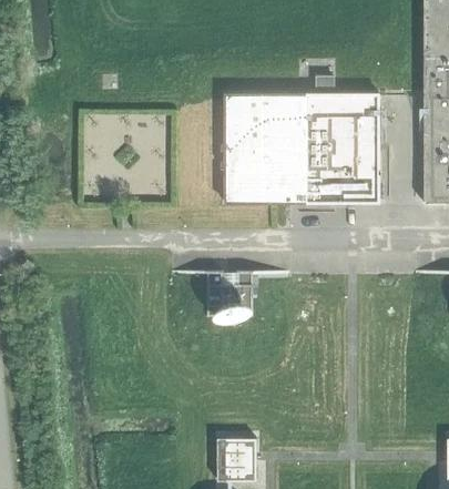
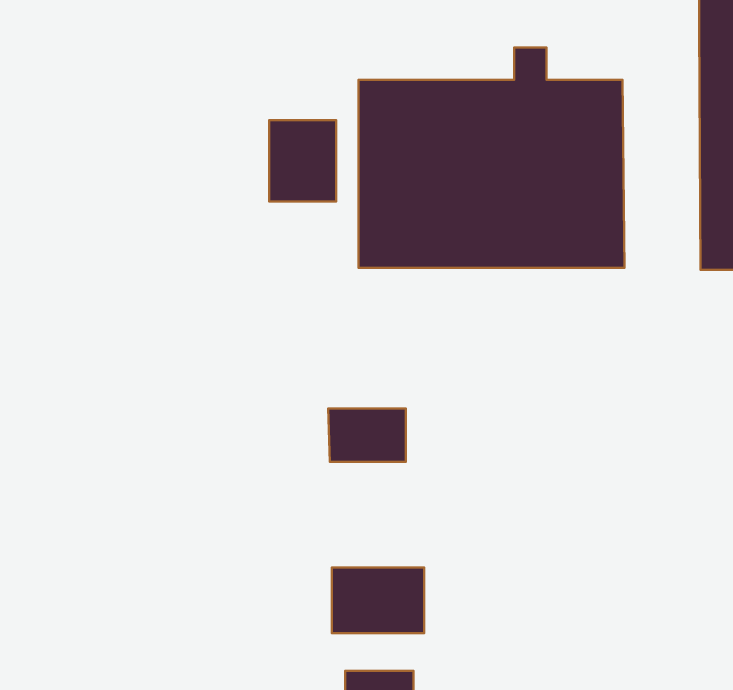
building: none -> [269,120,336,201]
building: none -> [332,567,424,633]

